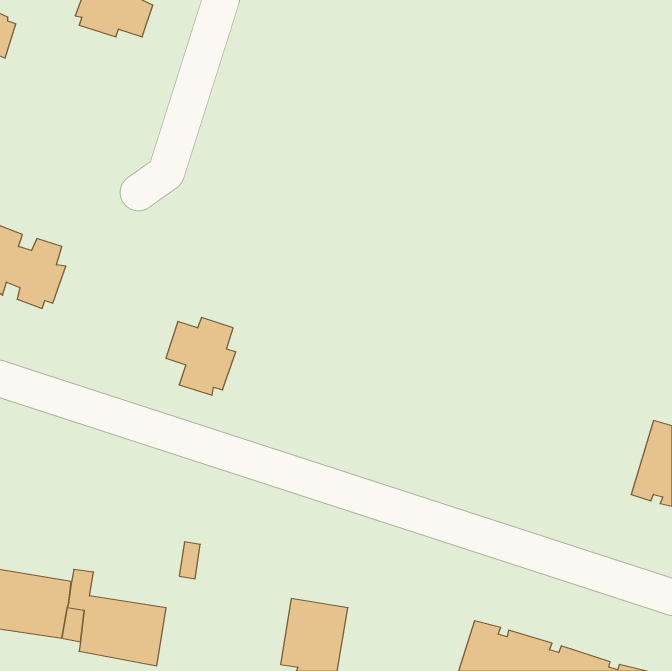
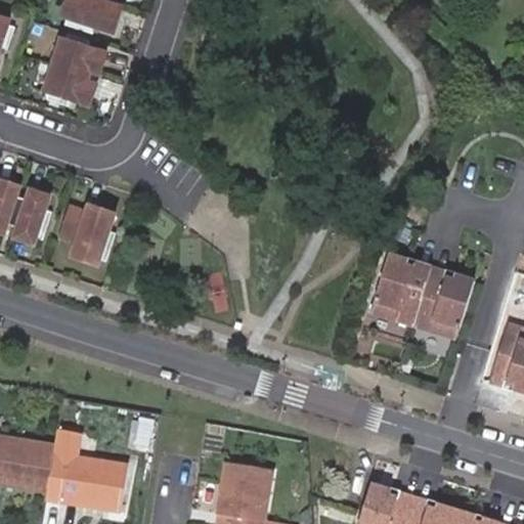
building: none -> [42,30,103,101]
building: [166,317,236,395] -> [60,200,115,260]
building: none -> [372,256,475,340]

